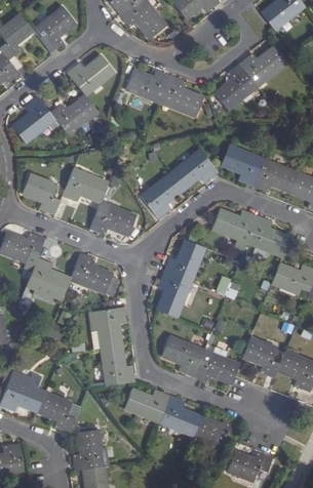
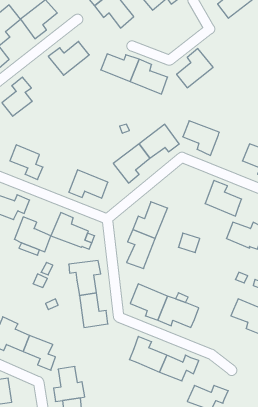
building: [238,46,285,85] -> none
building: [49,95,96,134] -> none
building: [252,163,298,193] -> none
building: [62,169,107,203] -> none
building: [211,209,257,250] -> none
building: [241,337,279,377] -> none
building: [124,389,169,421] -> none

